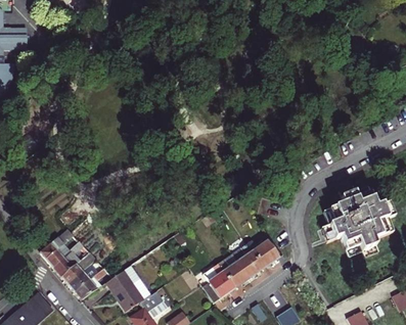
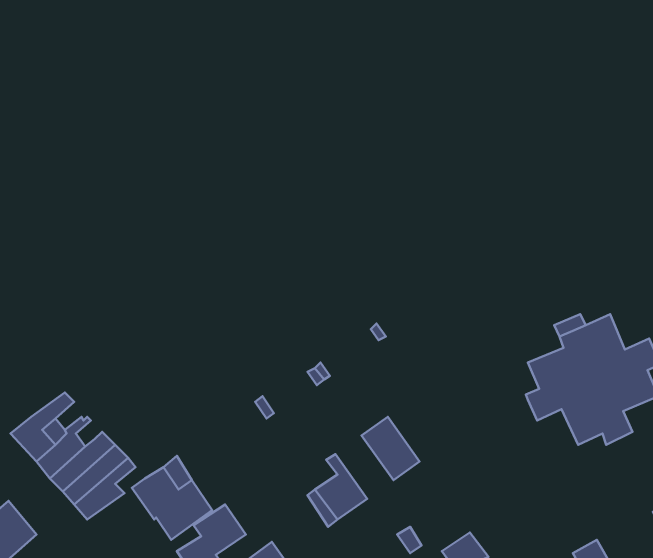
building: [245,240,277,268] -> none
building: [217,253,249,288] -> none

